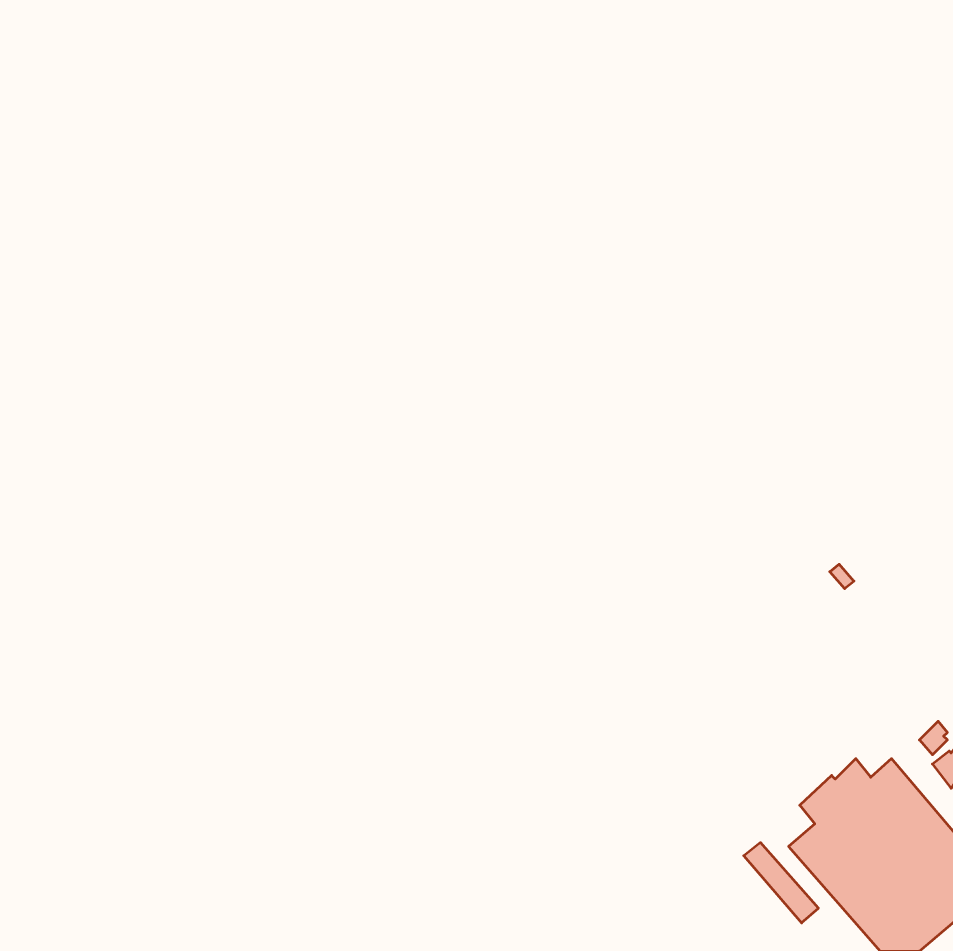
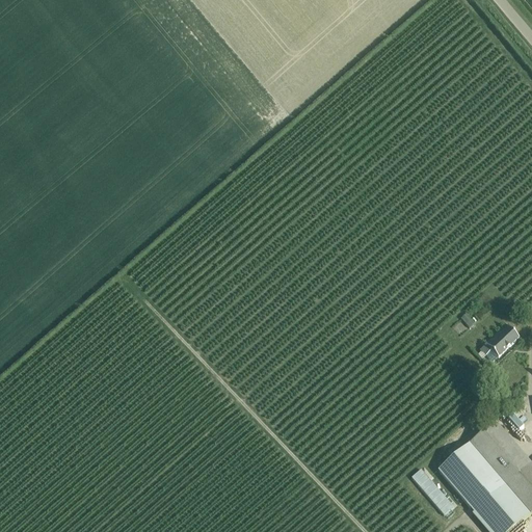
building: none -> [481,324,521,357]

